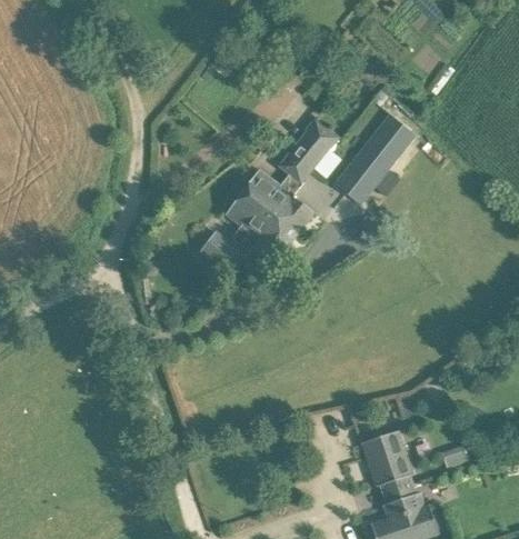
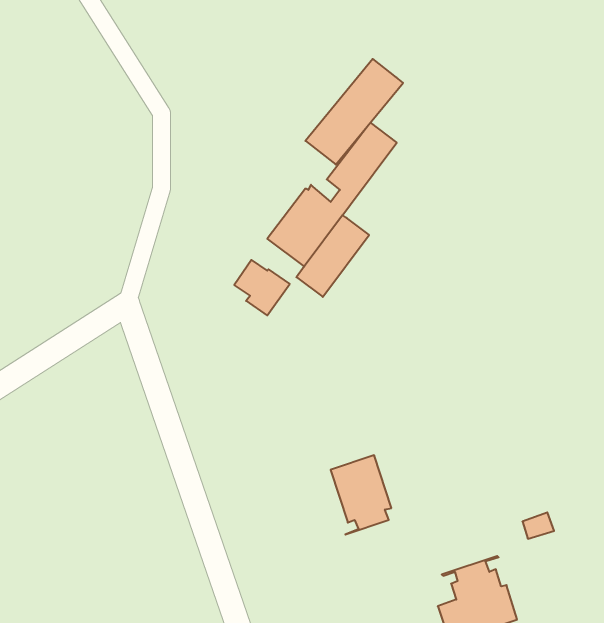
building: [335,114,417,203] -> [305,59,403,165]
building: [362,430,413,497] -> [331,455,391,535]

